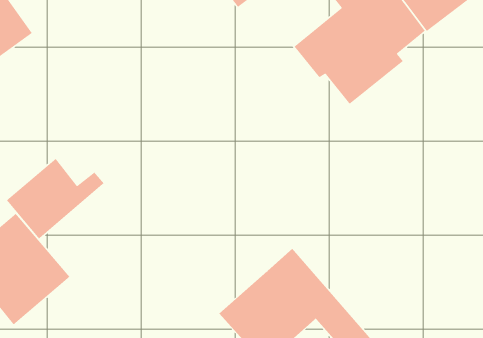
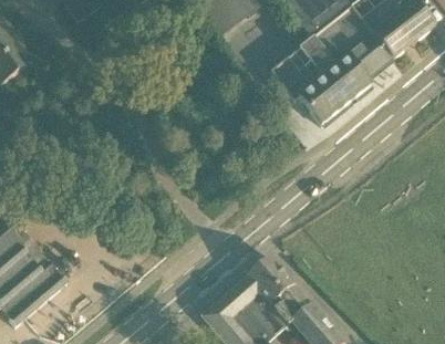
building: [6,158,105,240] -> none

